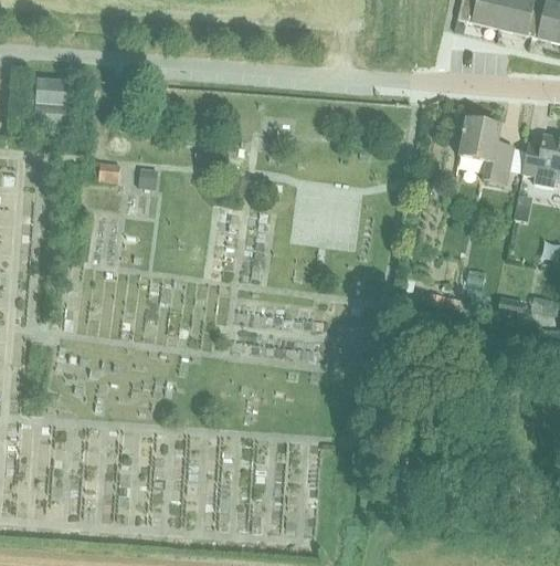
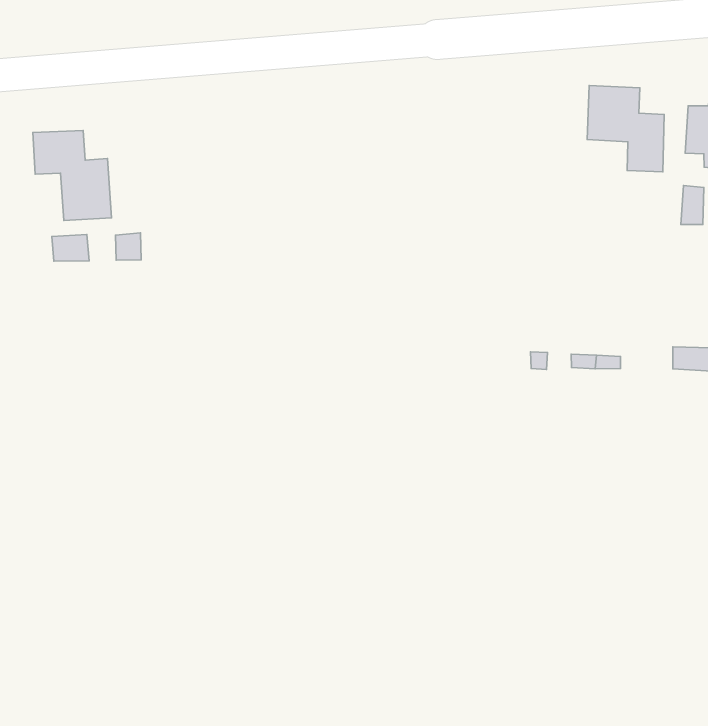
building: none -> [33,131,111,221]

